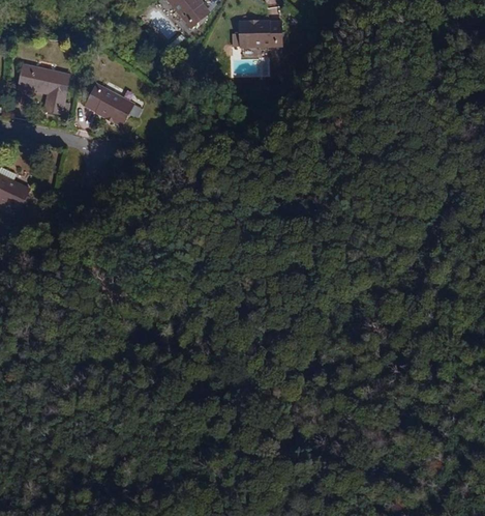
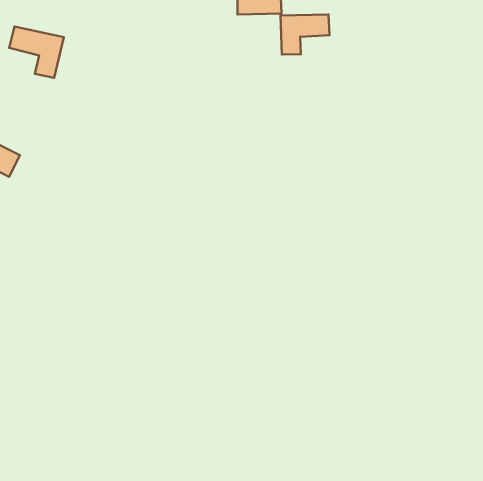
building: none -> [280,15,329,55]
building: [86,82,134,123] -> none

